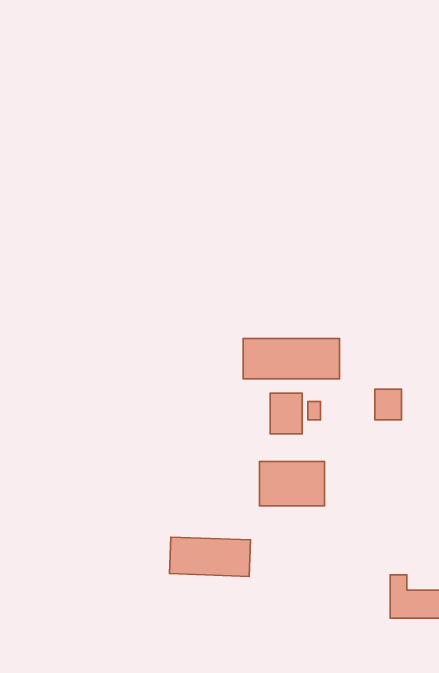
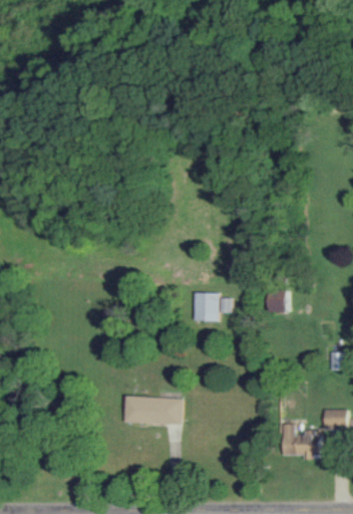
building: [243,339,340,379] -> none
building: [259,461,324,506] -> none

